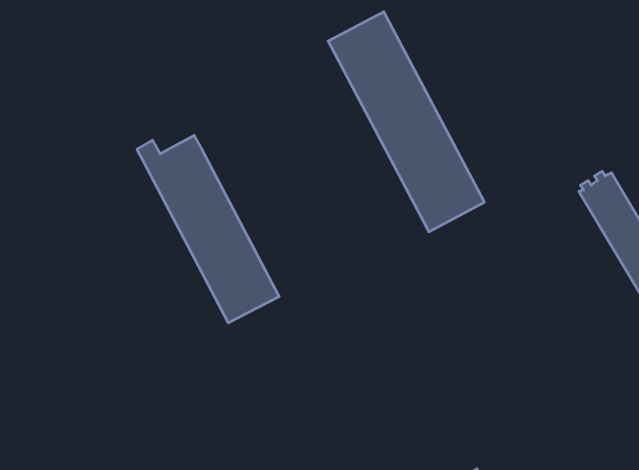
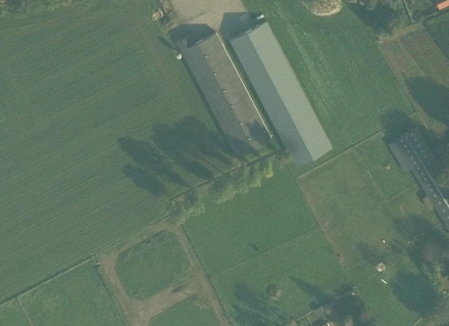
building: [137,135,279,323] -> [177,33,270,156]

